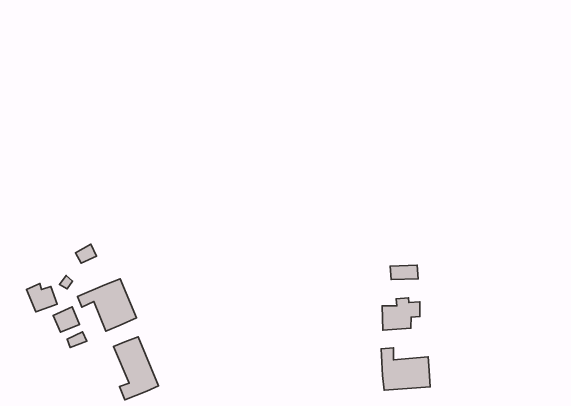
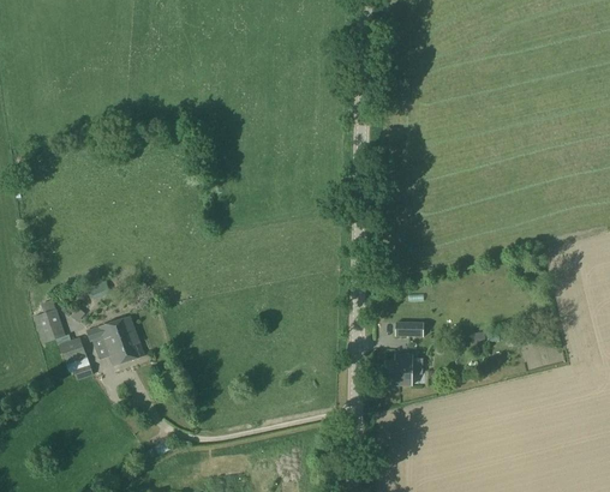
building: [114,337,159,400] -> none
building: [381,348,430,390] -> none

